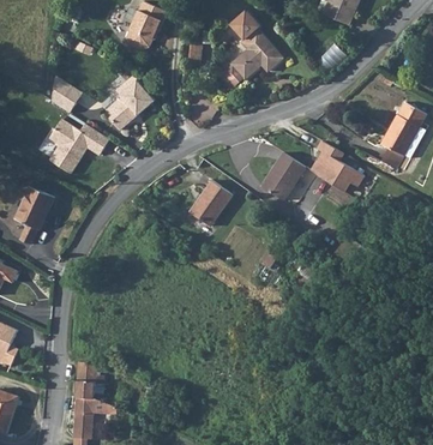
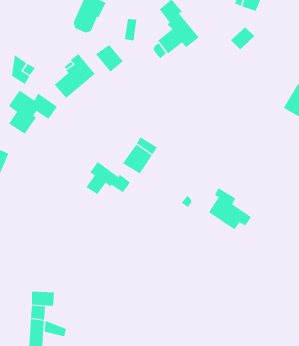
building: none -> [95,44,123,72]
building: [309,139,362,191] -> [208,187,252,230]
building: [260,151,305,198] -> none
building: none -> [86,161,131,196]

